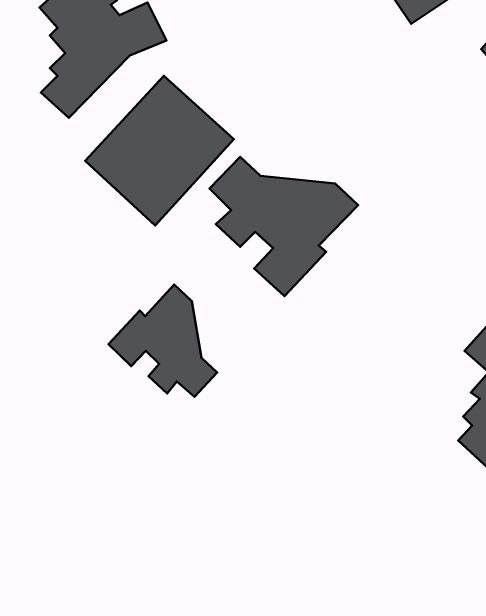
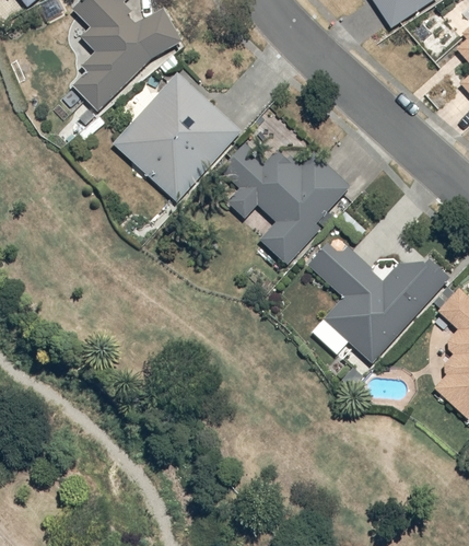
building: none -> [310,241,449,362]
building: [108,285,217,397] -> none

